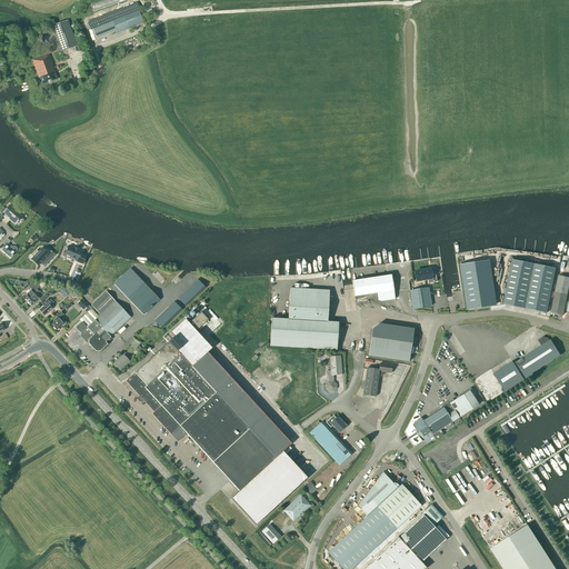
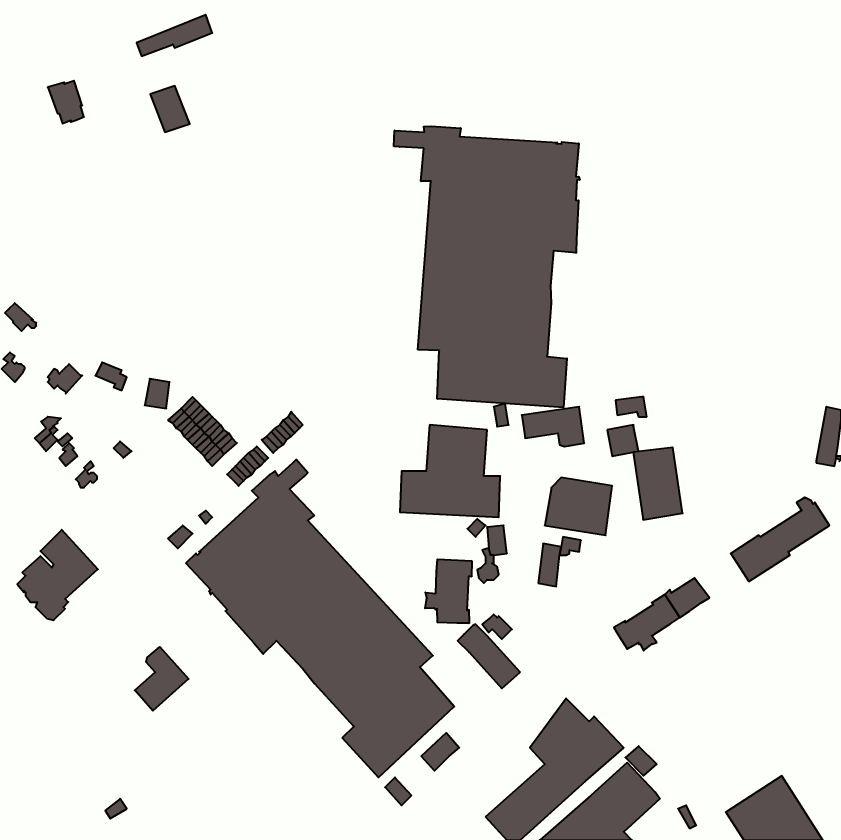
building: [50,19,77,50] -> [150,86,190,132]
building: none -> [394,126,580,408]
building: [503,259,556,312] -> none
building: [460,260,493,309] -> [633,447,683,520]
building: [76,290,130,351] -> [17,530,98,620]
building: none -> [425,559,472,623]
building: none -> [135,647,189,711]

